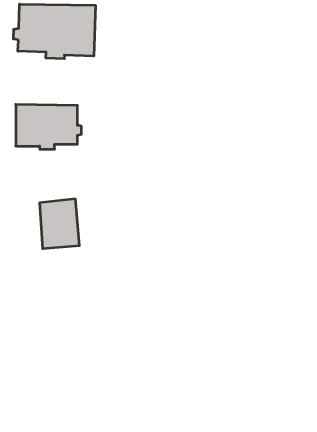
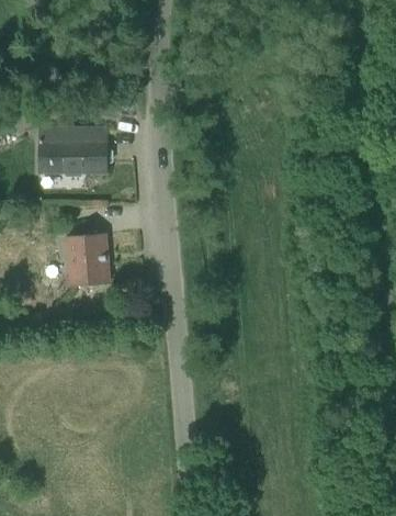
building: [13,4,95,59] -> none

